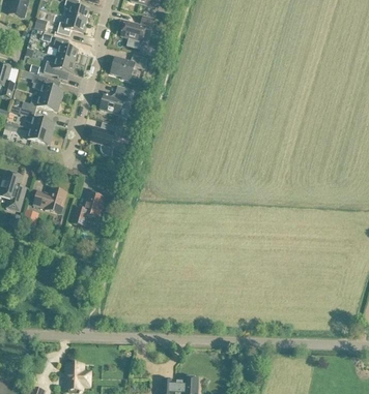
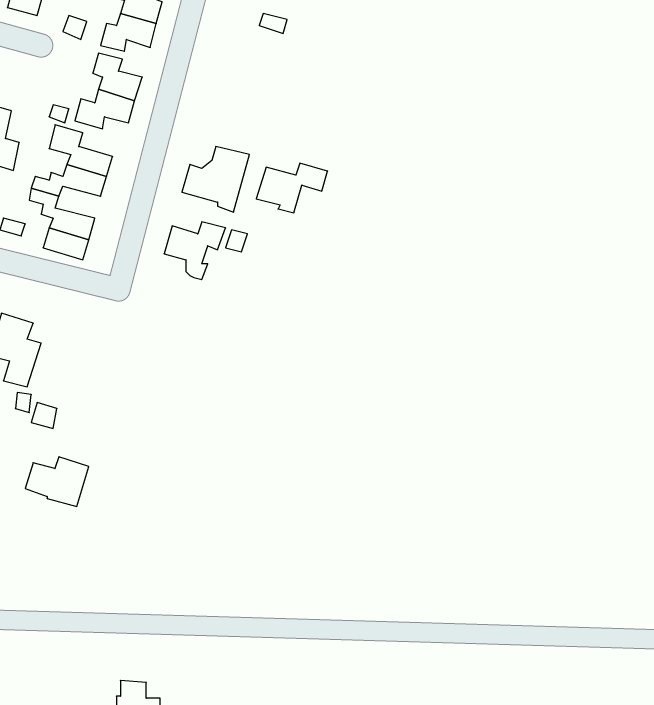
building: [120,20,151,49] -> none
building: [110,54,147,80] -> [256,163,328,213]
building: [33,187,66,213] -> [25,457,89,506]
building: [72,192,104,225] -> none

